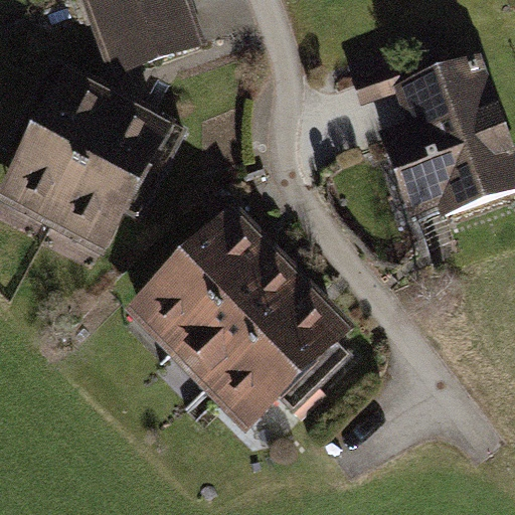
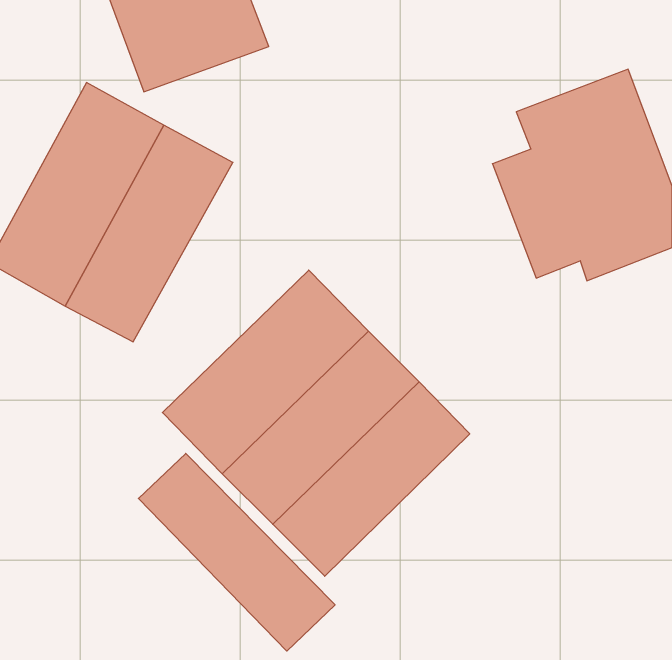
building: none -> [138,453,335,651]

